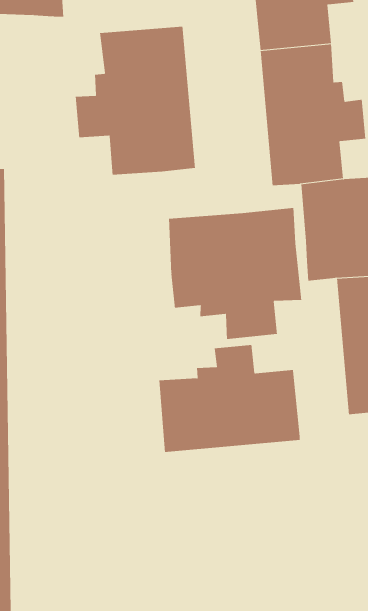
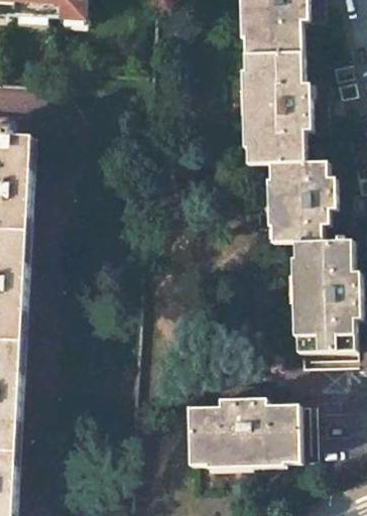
building: [75,26,196,175] -> none
building: [169,207,302,340] -> none
building: [158,345,301,452] -> [186,382,297,465]

